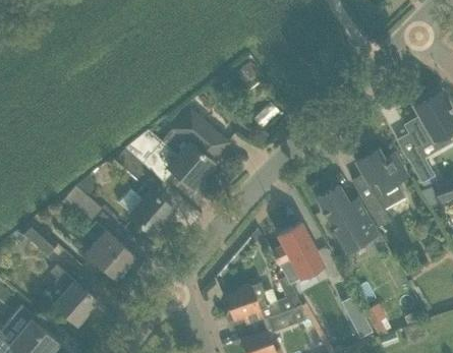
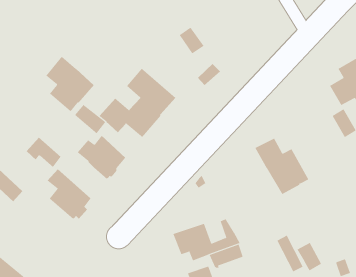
building: none -> [46,56,94,112]
building: [352,150,408,227] -> none
building: [272,224,337,278] -> none
building: [44,266,97,323] -> none

